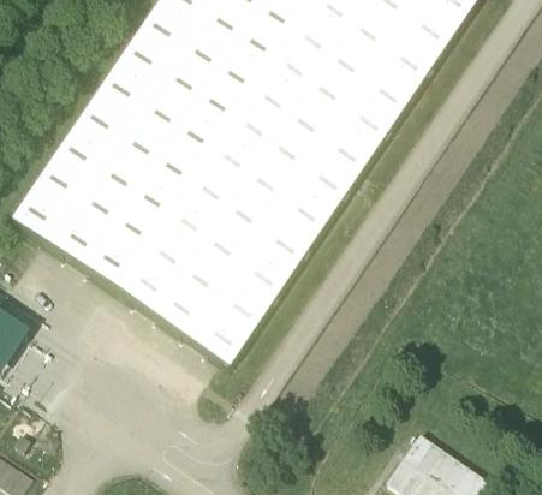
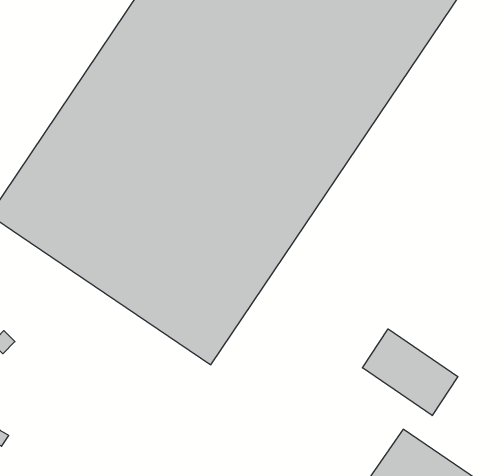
building: none -> [362,329,458,416]

